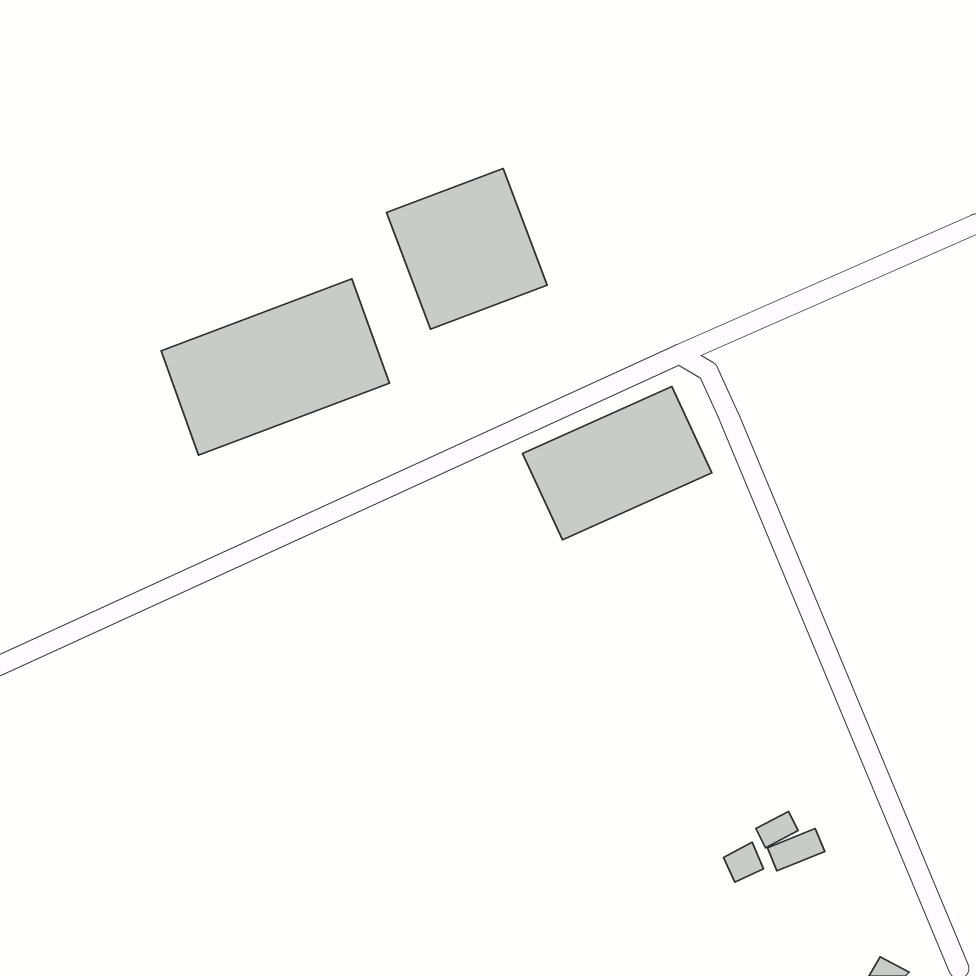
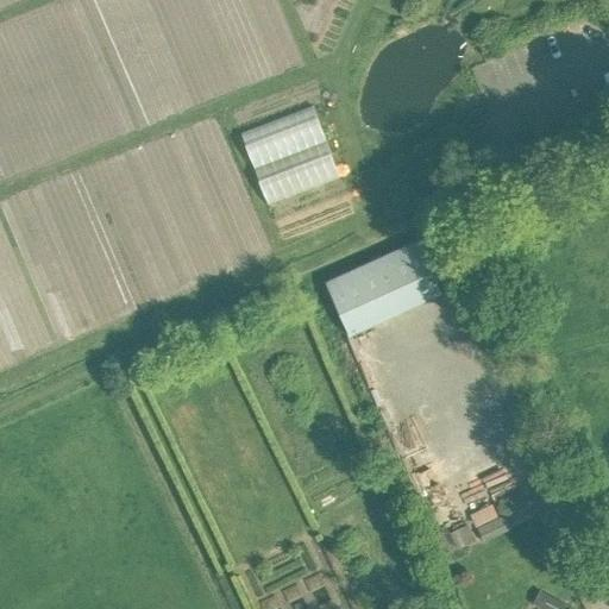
building: [161,279,389,455] -> none

